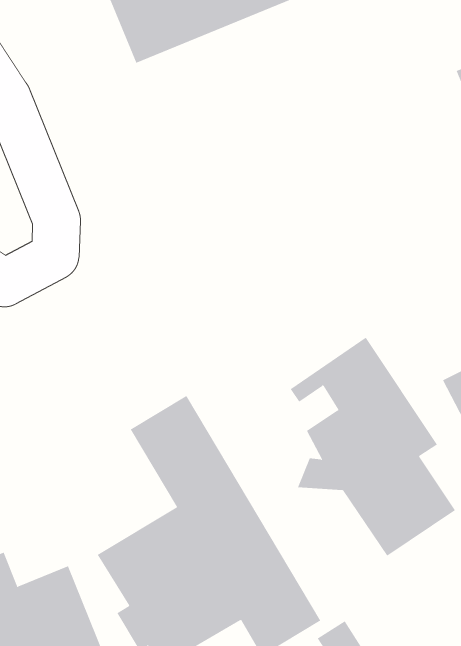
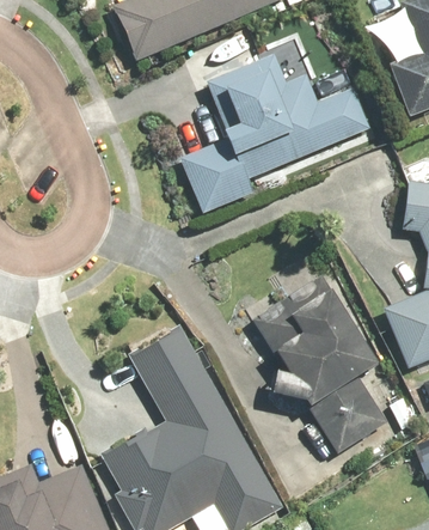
building: none -> [177,56,370,213]

